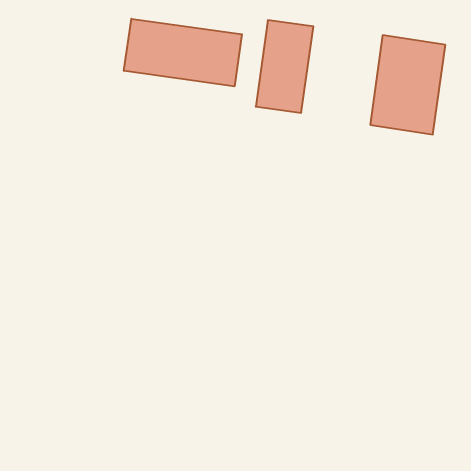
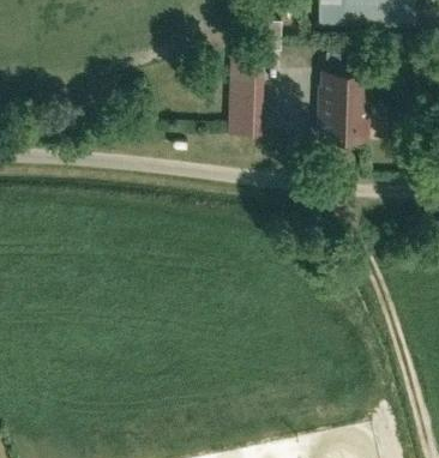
building: [124,19,242,86] -> none

